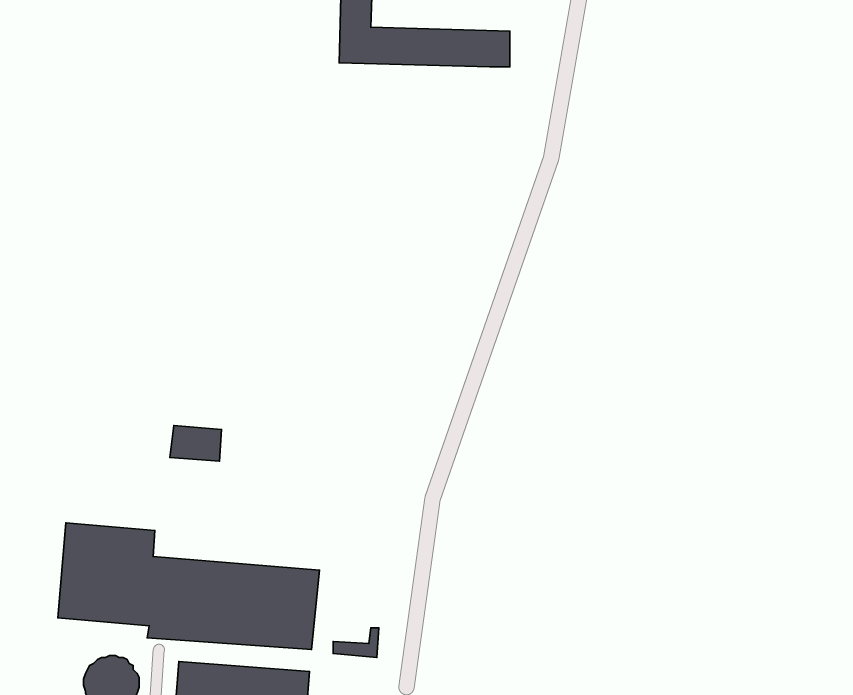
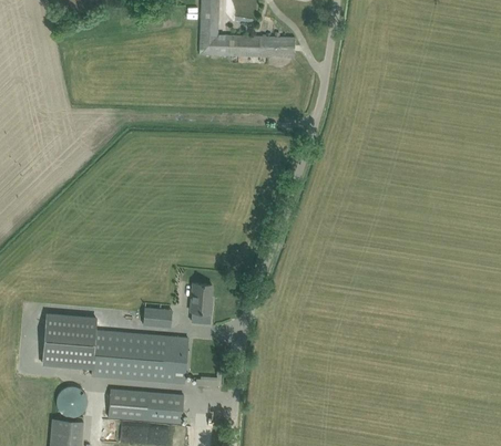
building: [170,426,221,461] -> [143,307,172,326]
building: none -> [188,282,212,313]

